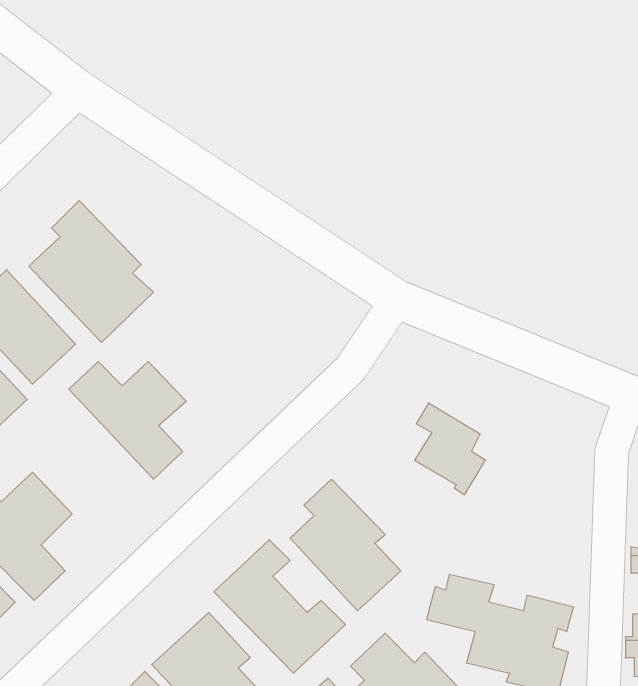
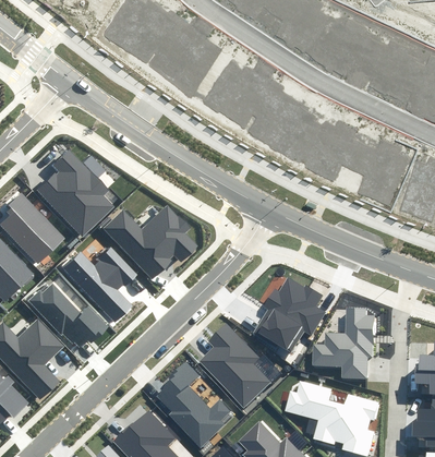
building: none -> [101,203,196,280]
building: none -> [31,282,109,350]
building: none -> [255,286,304,352]
building: none -> [310,309,373,378]

